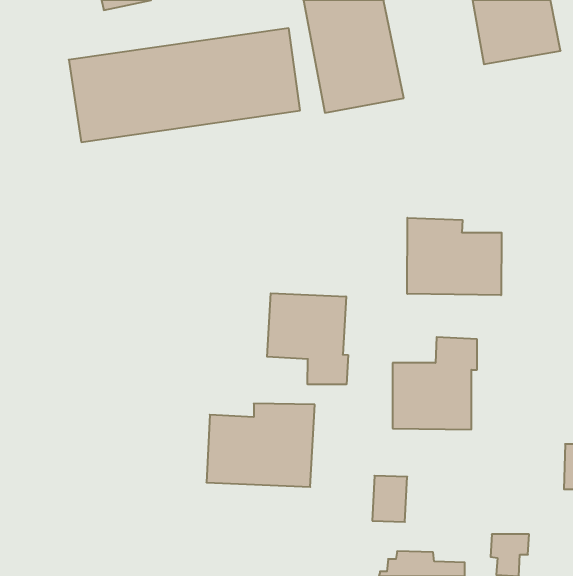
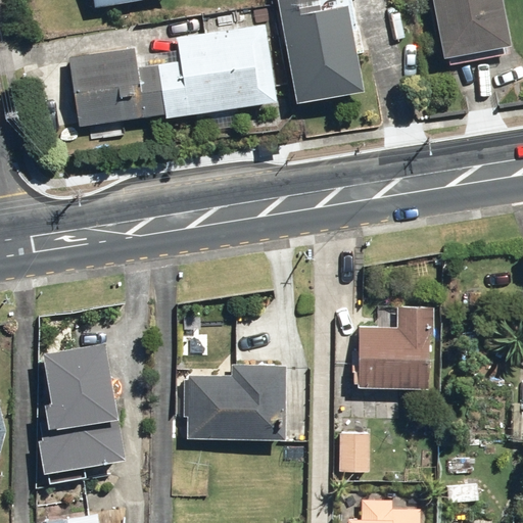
building: [407,218,502,295] -> none
building: [267,293,348,384] -> none
building: none -> [42,343,122,471]

